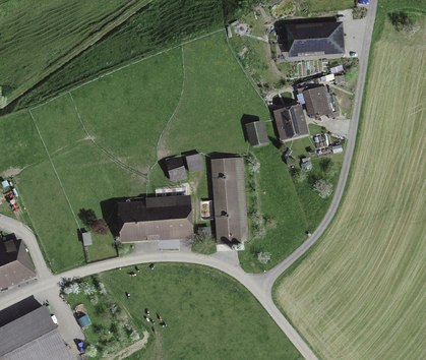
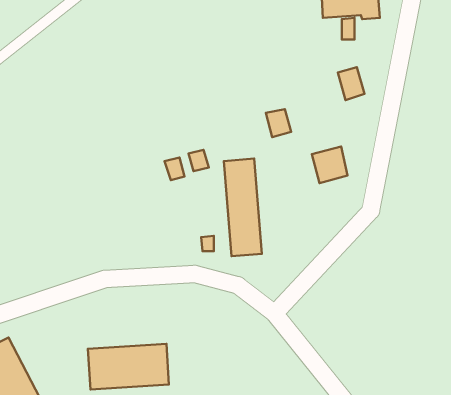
building: [278,109,306,138] -> [312,146,347,183]
building: [125,201,190,238] -> [88,344,169,389]

